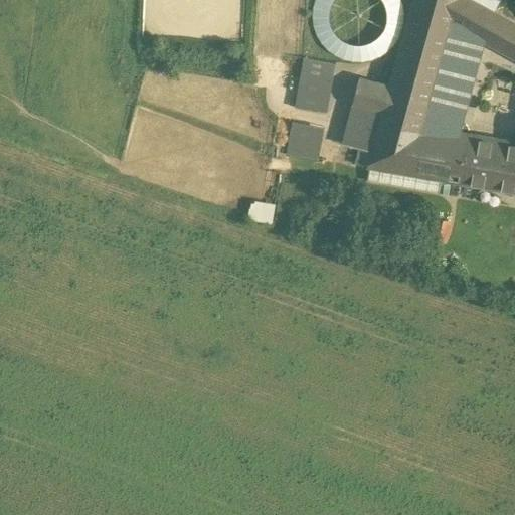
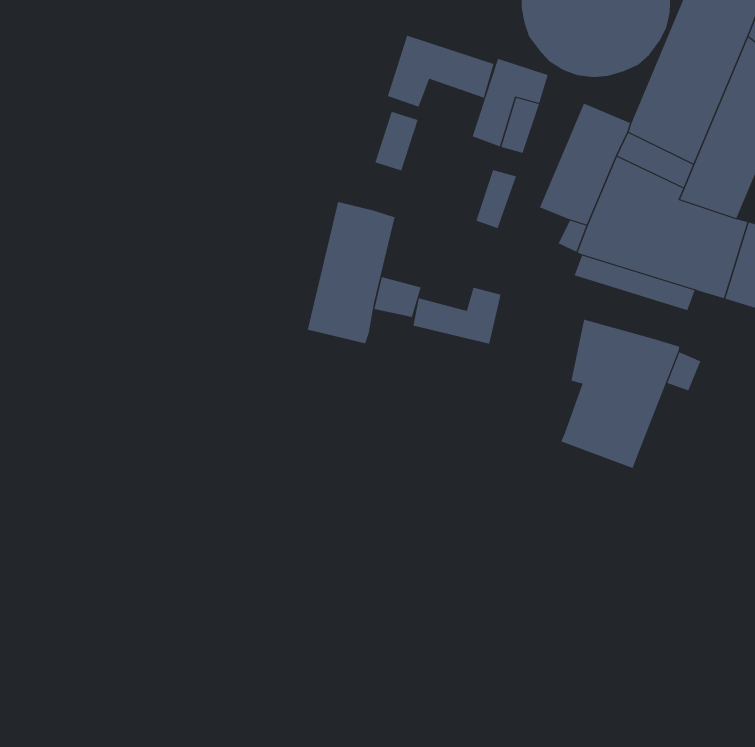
building: none -> [387,35,494,107]
building: [287,121,310,156] -> [374,111,419,171]
building: none -> [307,201,395,344]
building: none -> [413,287,501,344]
building: none -> [561,319,680,469]

